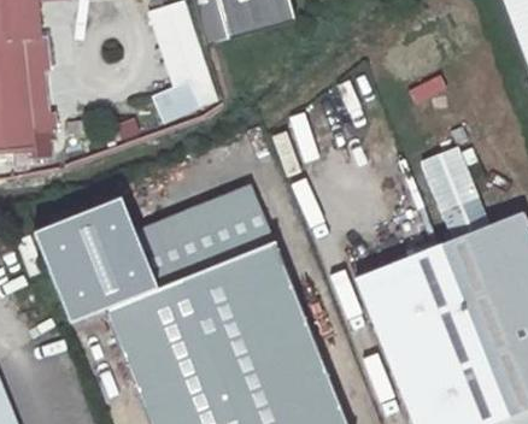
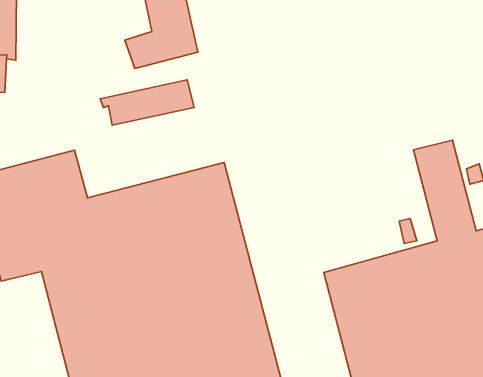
building: none -> [100,80,194,125]

